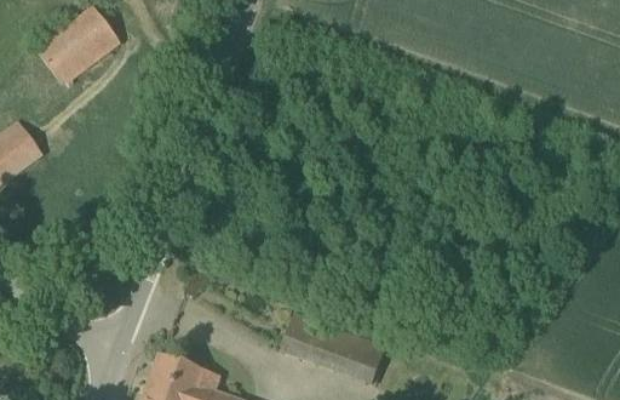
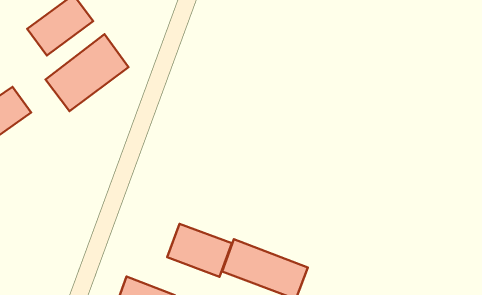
building: none -> [46,34,129,111]
building: none -> [167,224,232,277]

